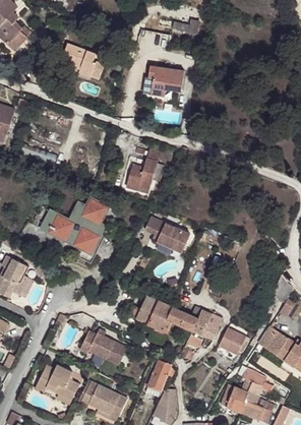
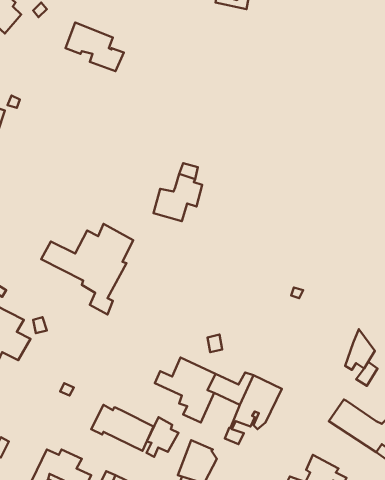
building: [133,65,184,96] -> none
building: [144,216,190,252] -> none
building: [218,327,249,355] -> none
building: none -> [146,417,179,457]

